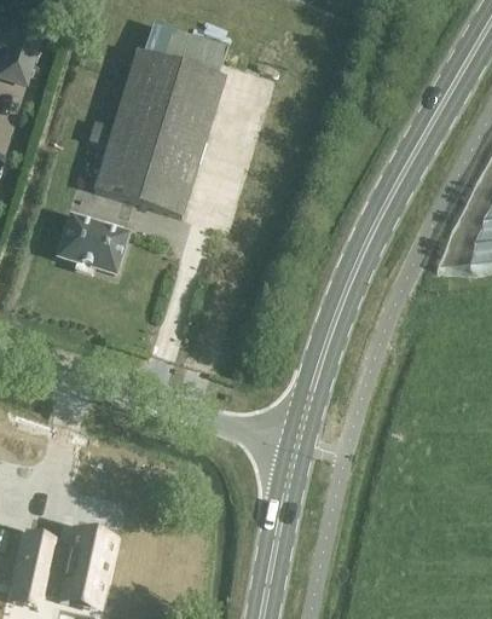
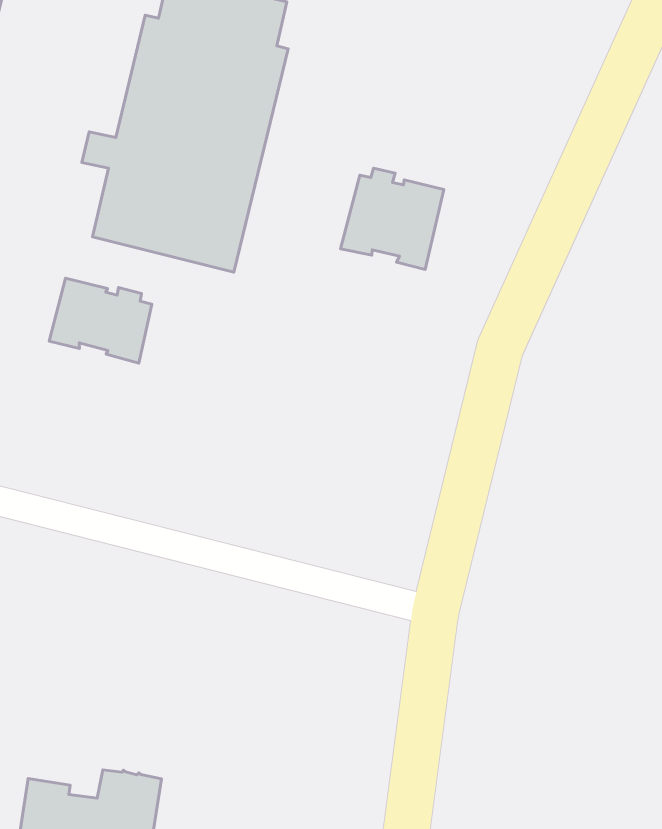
building: none -> [340,168,444,269]

